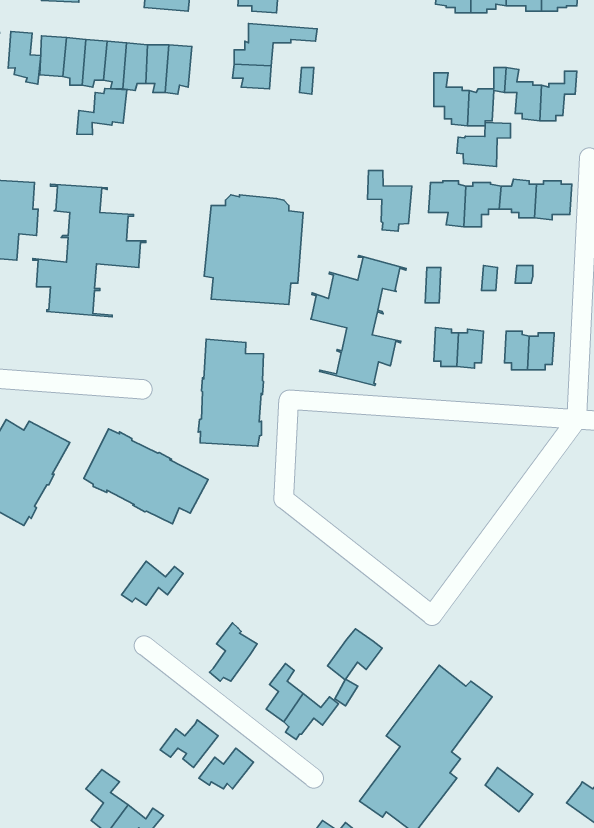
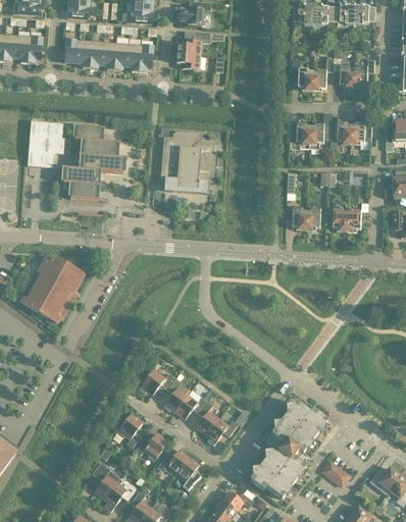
building: [8,31,41,84] -> none
building: [77,89,127,134] -> none
building: [457,122,511,167] -> none
building: [367,170,412,231] -> none
building: [311,256,406,385] -> none
building: [198,339,264,446] -> none
building: [84,429,208,524] -> none
building: [121,561,183,605] -> [138,368,173,394]
building: [327,629,382,680] -> [174,388,206,418]
building: none -> [115,413,141,447]
building: none -> [175,457,202,489]

